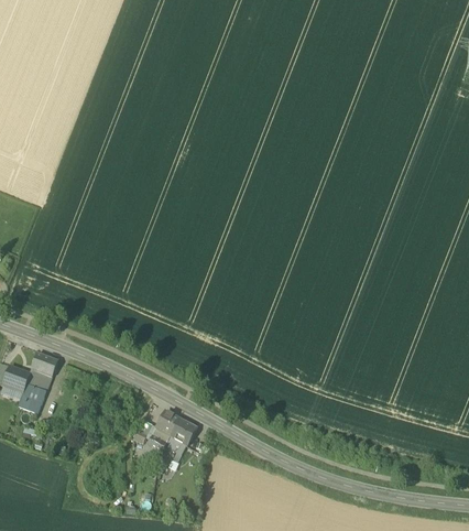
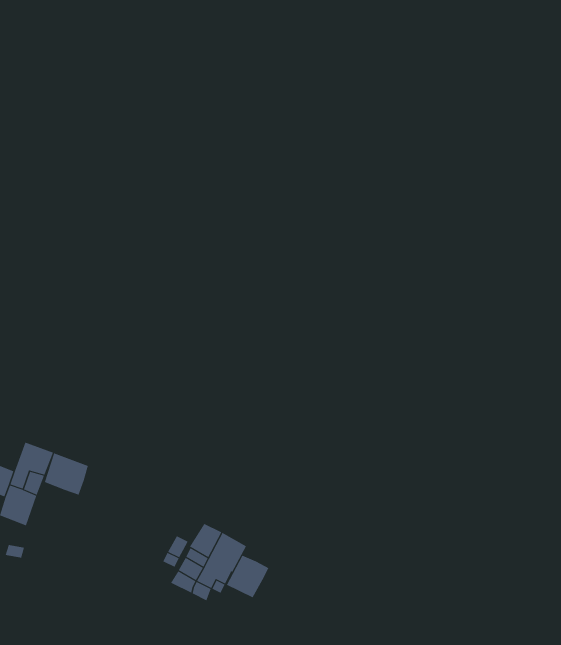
building: none -> [44,453,88,495]
building: none -> [226,555,269,598]

